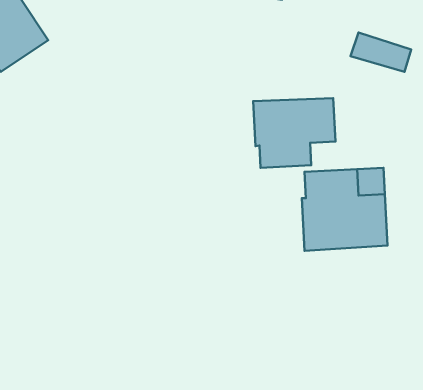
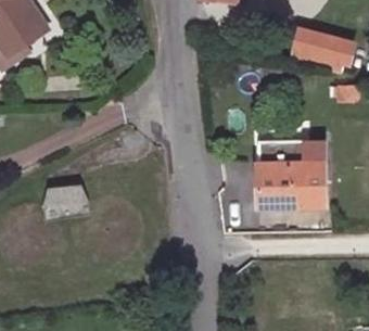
building: [253,98,336,168] -> none
building: none -> [43,186,92,221]

